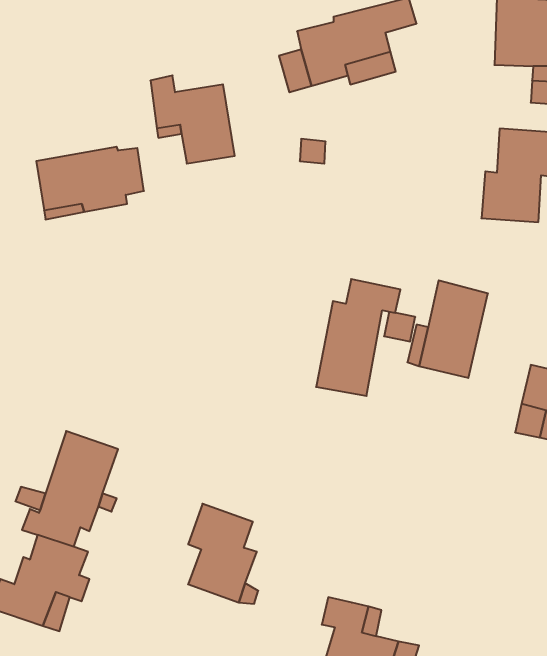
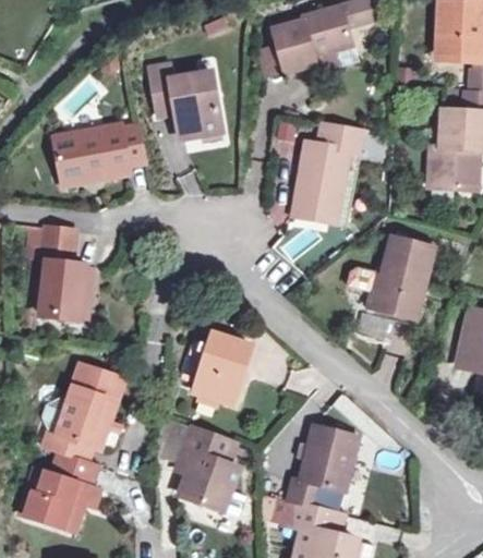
building: none -> [40,226,86,317]
building: [316,279,400,396] -> [292,123,363,221]
building: none -> [192,331,252,403]
building: none -> [287,425,359,507]

